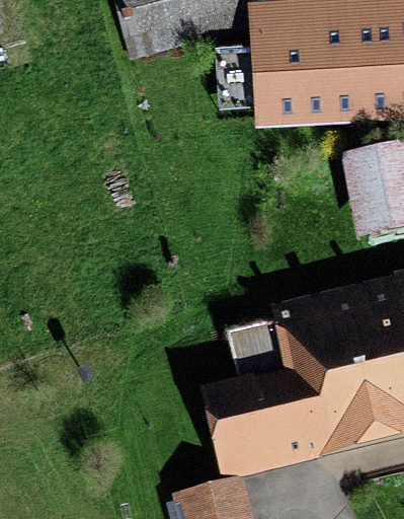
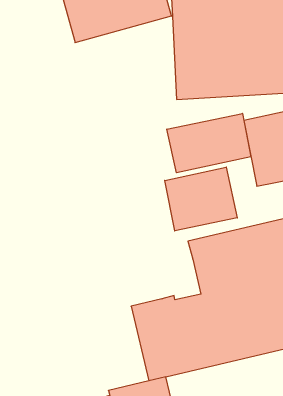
building: none -> [167,113,251,173]
building: none -> [165,167,237,231]

